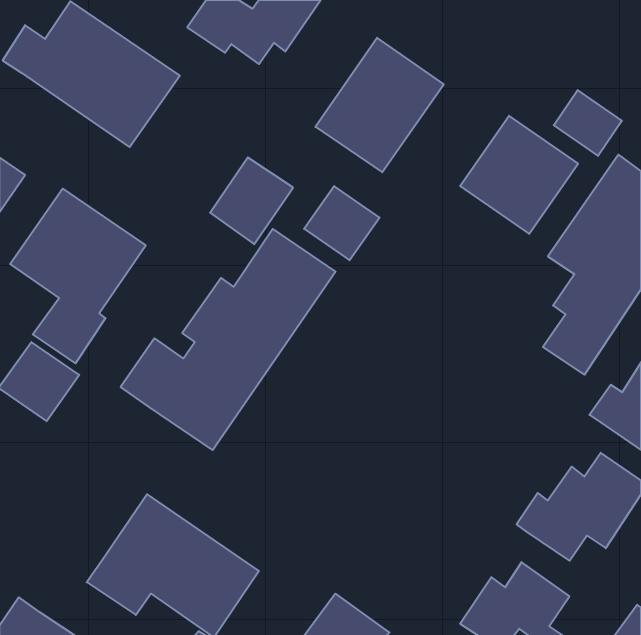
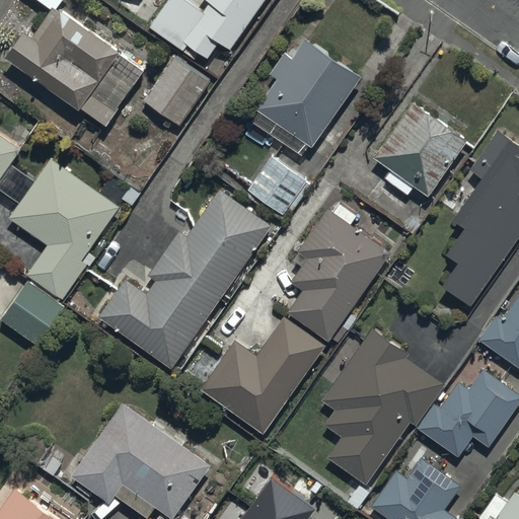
building: [554,90,622,156] -> none
building: [210,157,293,244] -> [143,57,210,127]
building: none -> [287,208,390,342]
building: none -> [201,317,325,436]
building: none -> [320,324,444,487]

